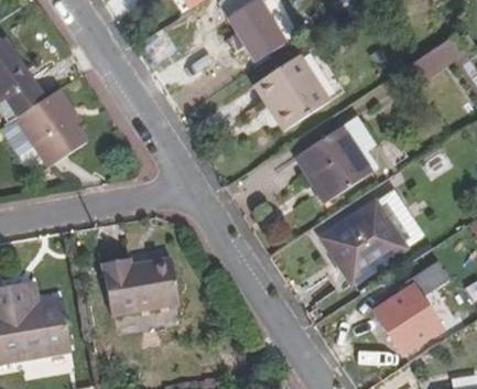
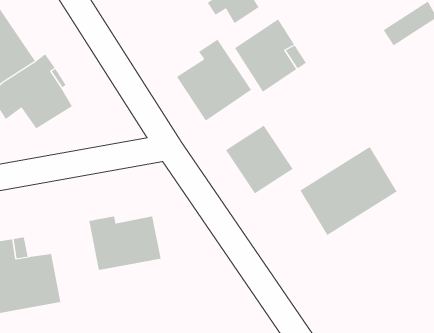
building: none -> [176,39,252,122]
building: [303,127,375,199] -> [225,125,294,194]
building: [373,260,447,353] -> none

